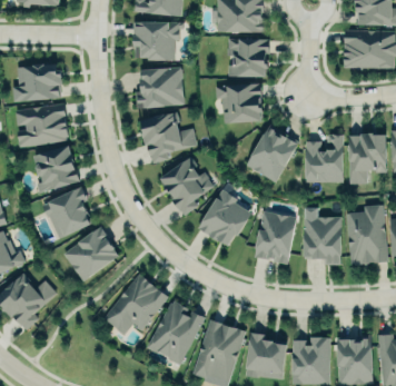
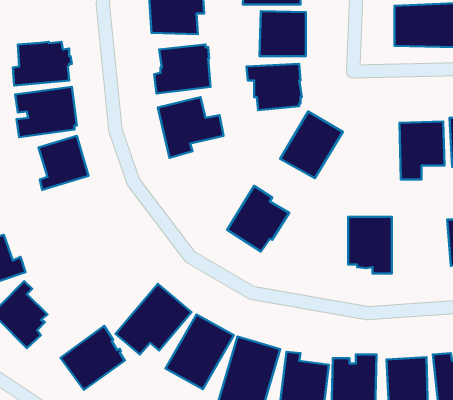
building: [305,135,343,182] -> none
building: [160,156,215,216] -> none
building: [42,186,93,238] -> none
building: [345,205,388,266] -> none
building: [254,211,296,264] -> none
building: [63,226,119,281] -> [61,326,125,390]

